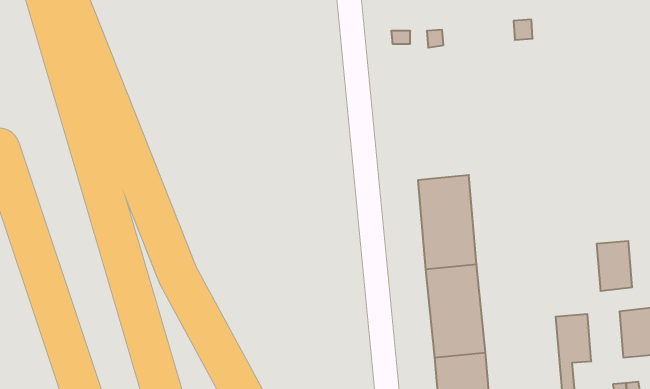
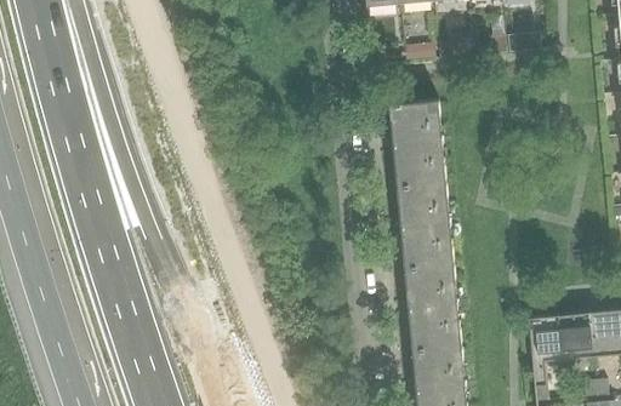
building: none -> [389,98,446,187]
building: [597,241,632,291] -> [559,311,593,359]

